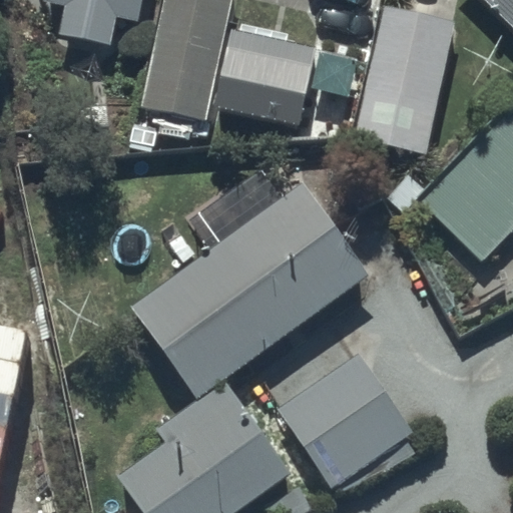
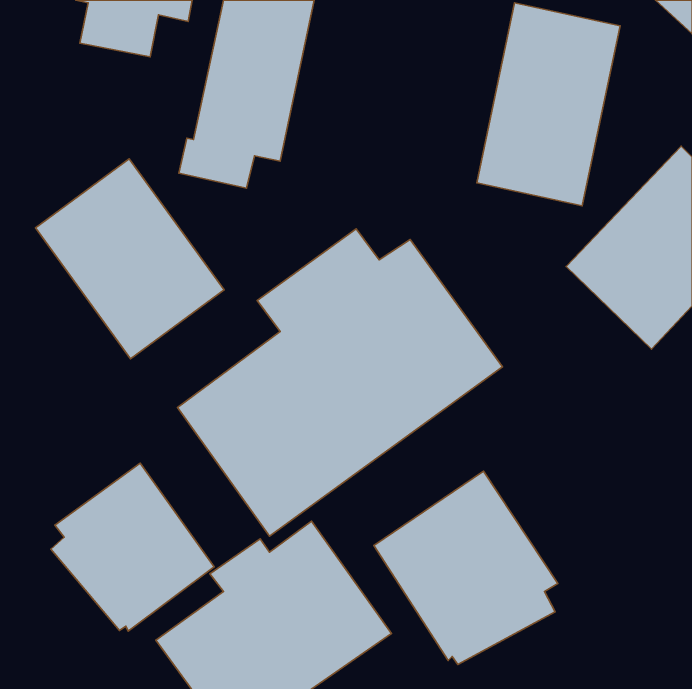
building: [215,28,317,123] -> none
building: none -> [35,159,224,359]
building: none -> [51,463,214,631]

